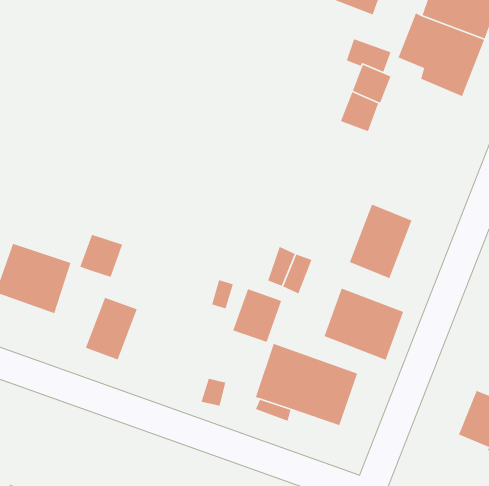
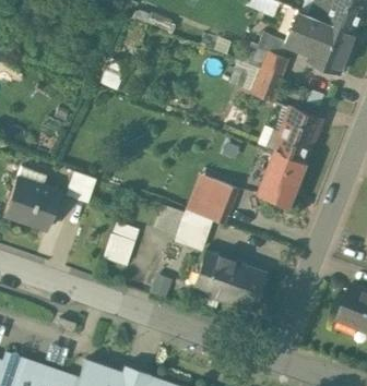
building: none -> [275,108,322,161]
building: [323,287,404,361] -> none
building: [85,297,138,360] -> [103,219,141,265]

